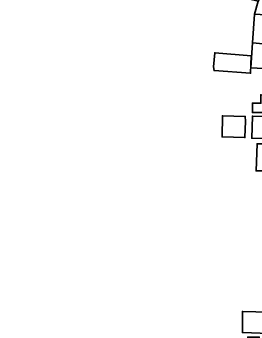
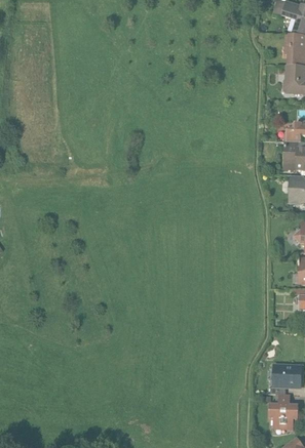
building: [213,53,251,73] -> none
building: [222,116,246,138] -> none

